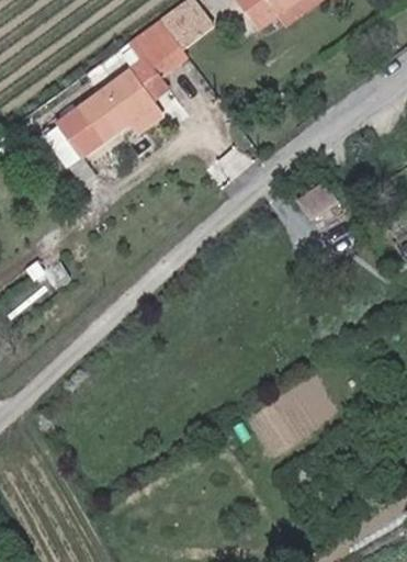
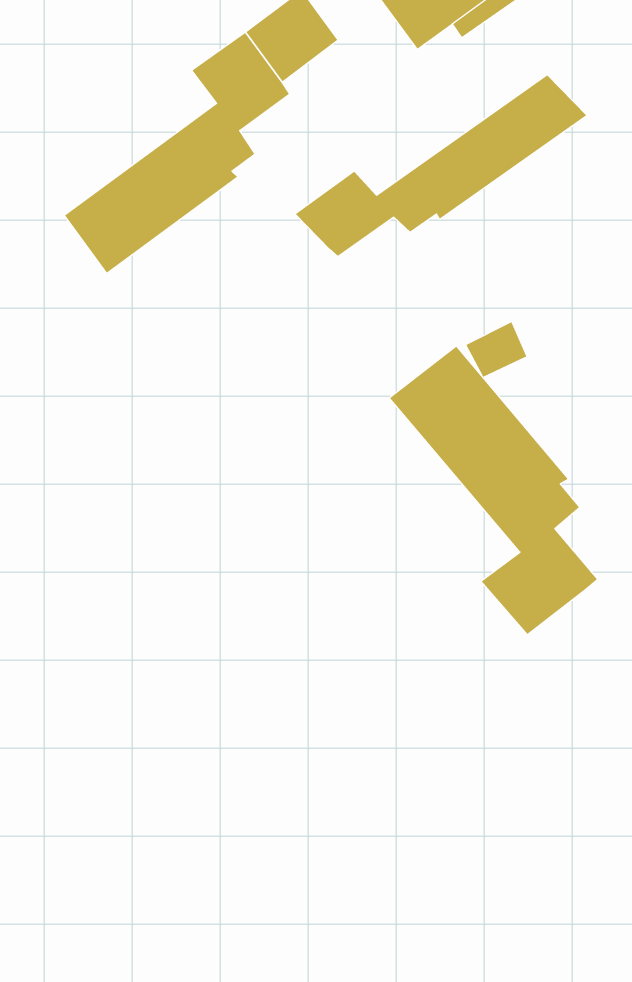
building: none -> [295,74,587,257]
building: none -> [389,346,598,635]

